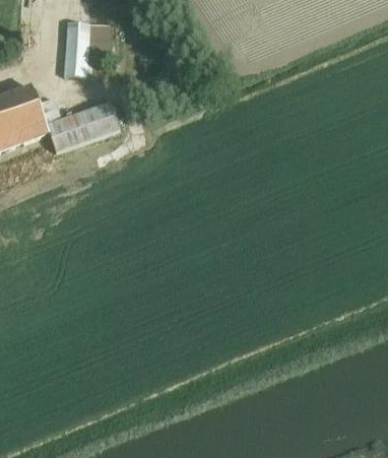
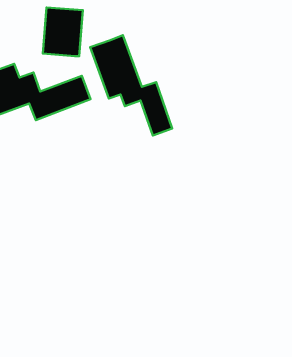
building: none -> [90,35,172,136]

